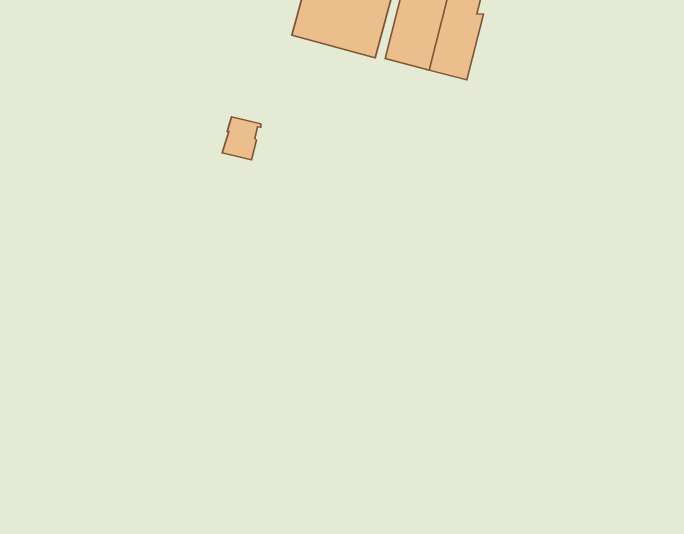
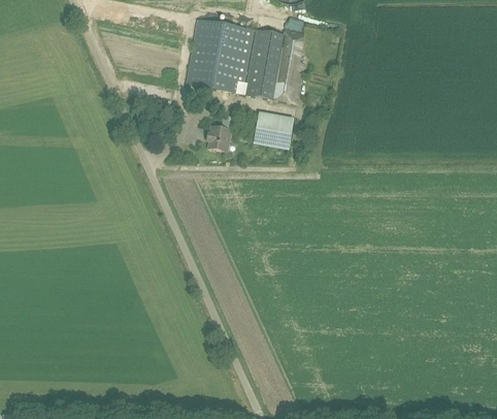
building: none -> [253,110,292,147]
building: [222,117,261,160] -> [206,124,229,150]

